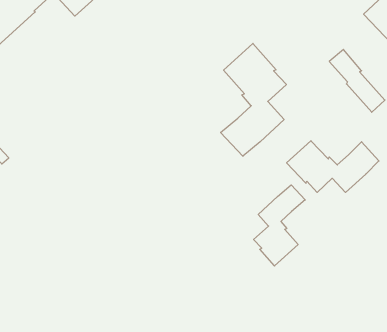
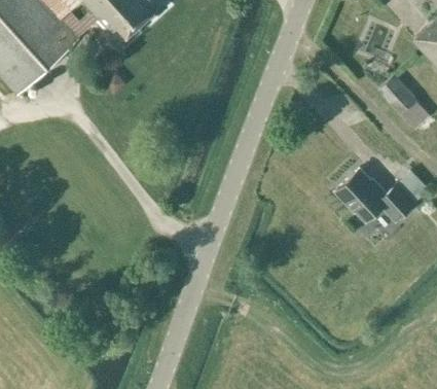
building: [221,43,286,156] -> none
building: [254,185,305,266] -> none

